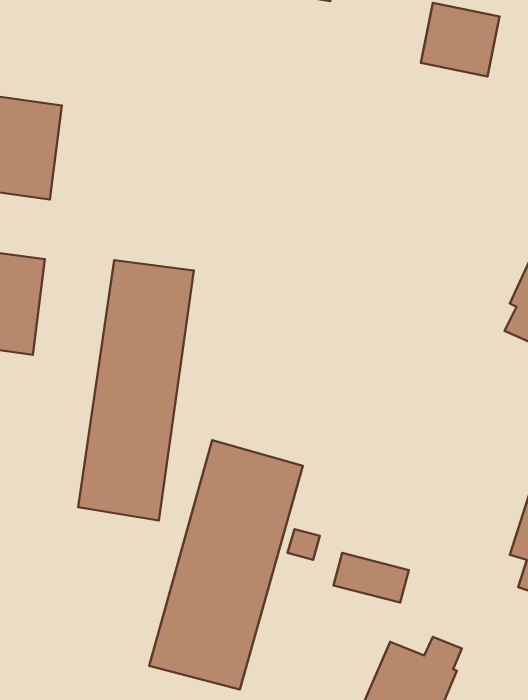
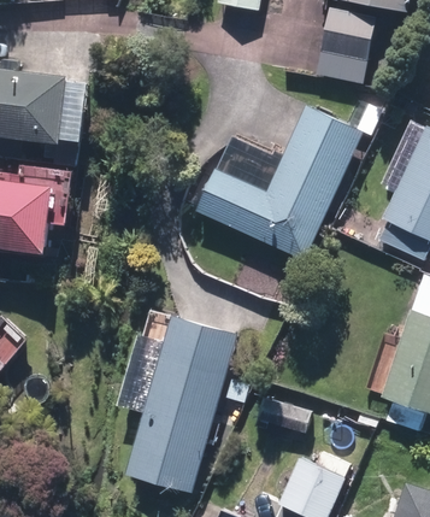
building: none -> [198,107,361,260]
building: [78,260,194,520] -> none

